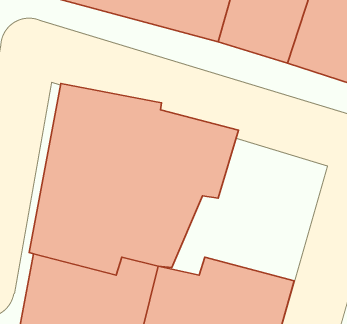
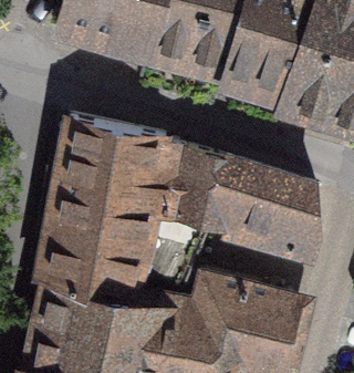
building: none -> [225,158,323,258]

